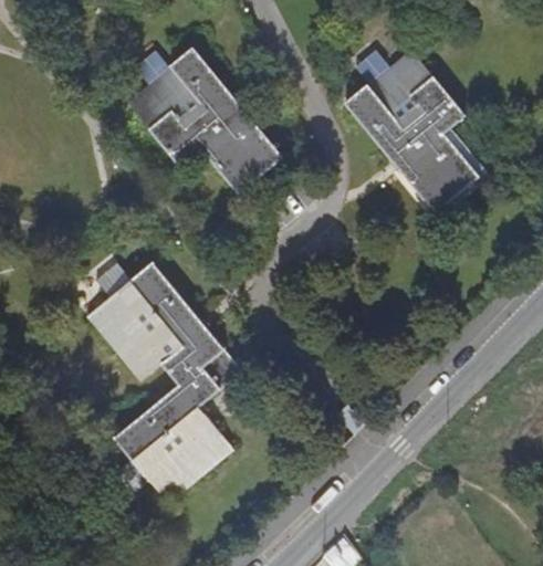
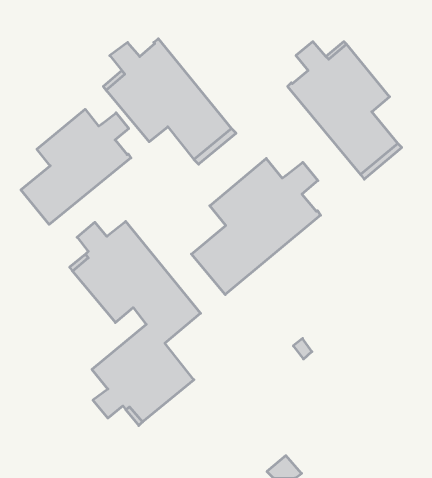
building: none -> [21,109,131,224]
building: none -> [191,158,321,295]

